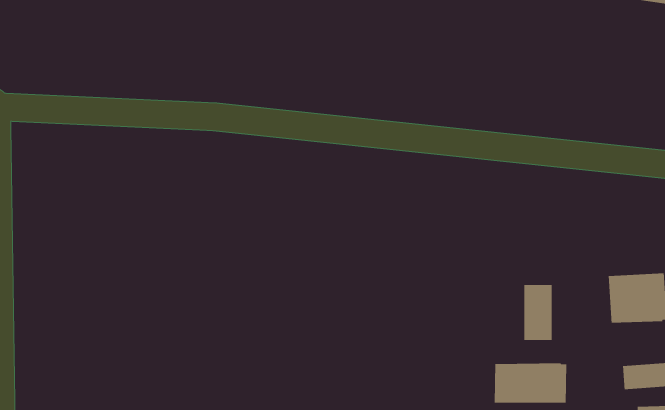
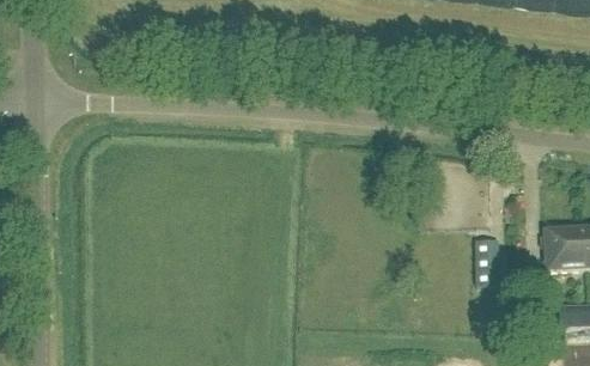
building: [494,362,567,404] -> none

